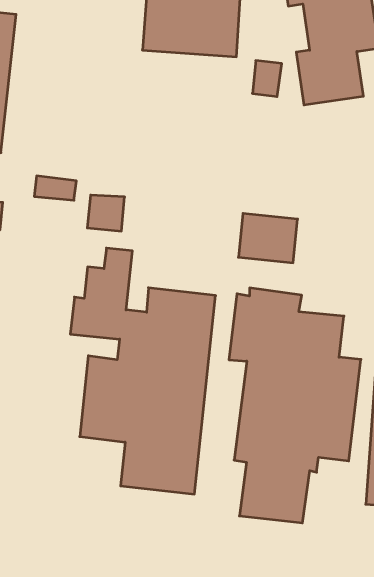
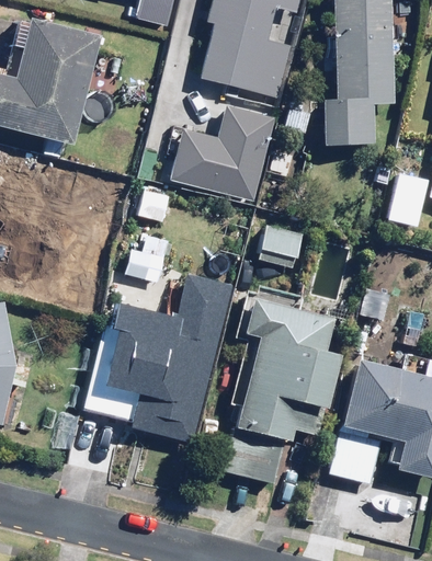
building: none -> [163,105,265,196]

